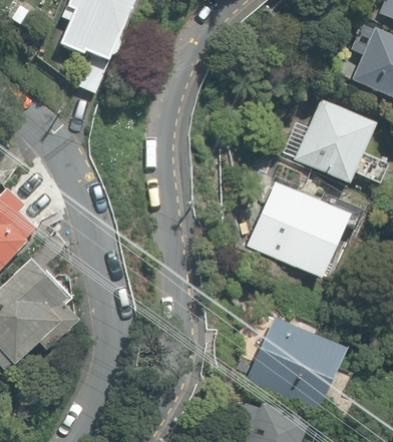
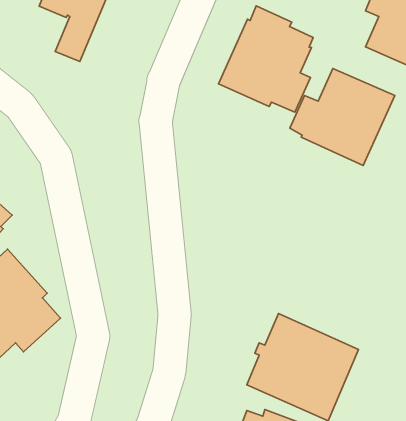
building: none -> [218,6,313,112]
building: [247,181,349,278] -> none

